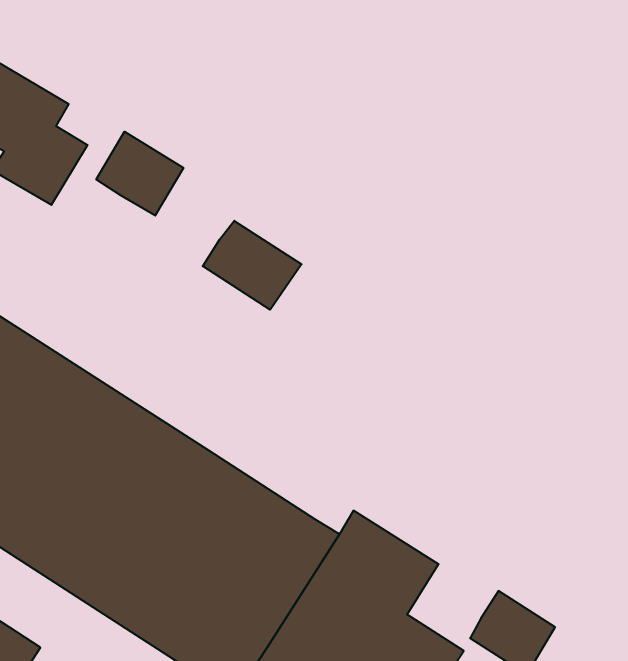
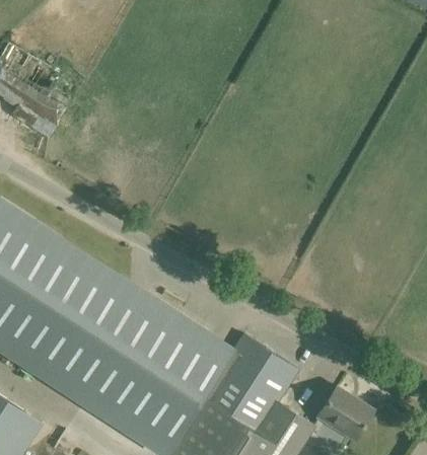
building: [96,132,183,216] -> none
building: [203,221,302,310] -> none

